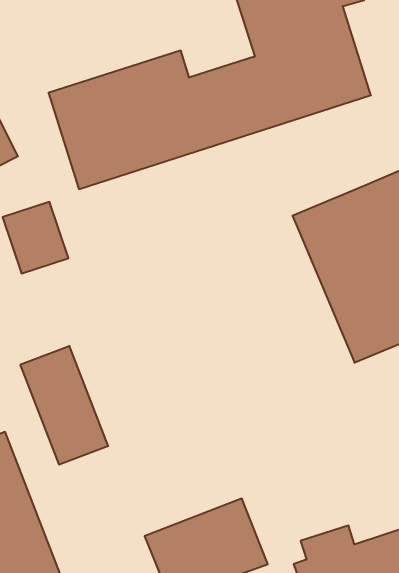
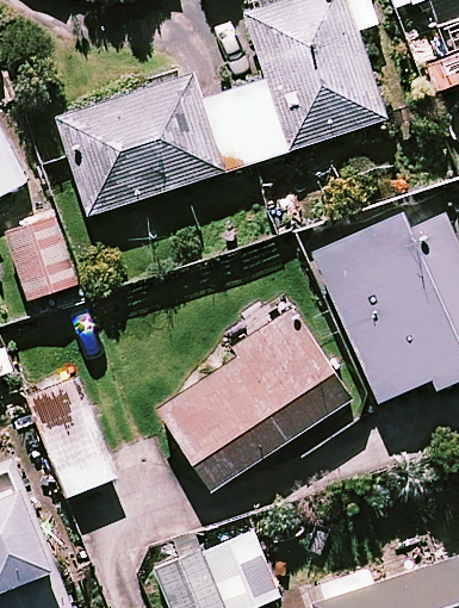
building: none -> [157,302,351,490]

